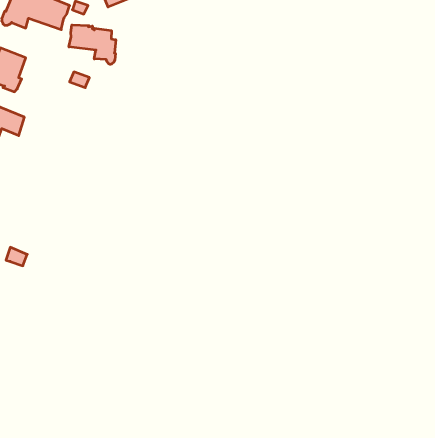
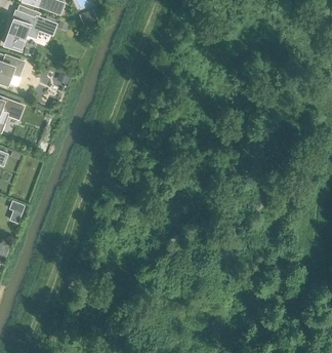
building: [69,25,116,64] -> none

